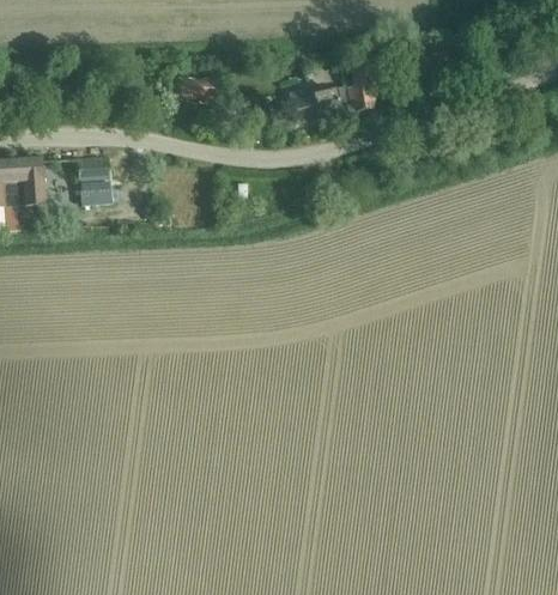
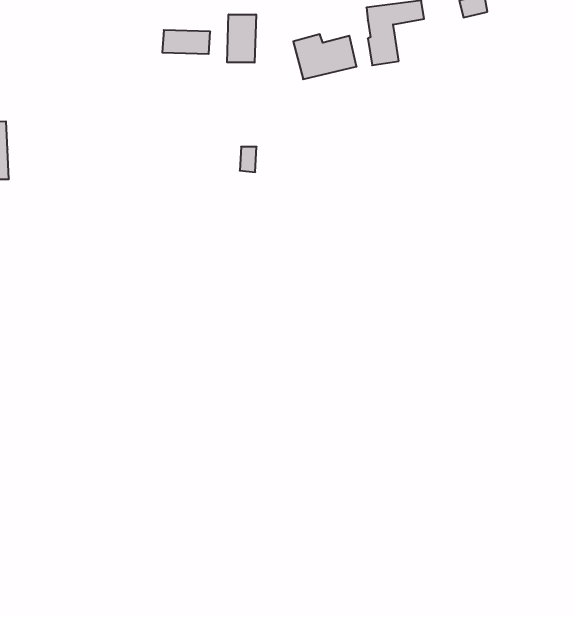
building: none -> [227,14,256,63]
building: [77,158,115,201] -> none

